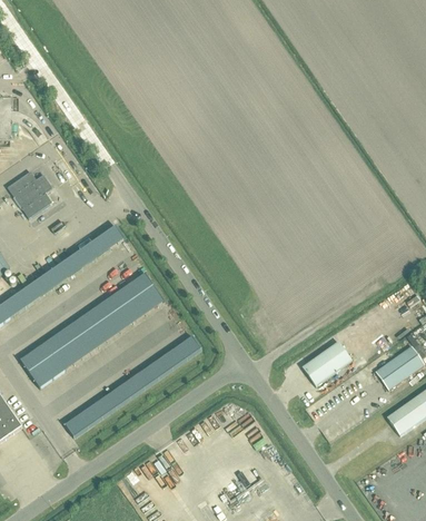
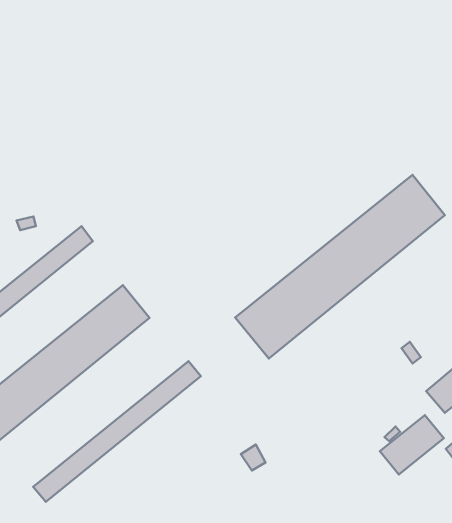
building: none -> [235,175,445,358]
building: [301,341,351,385] -> [380,415,444,474]

